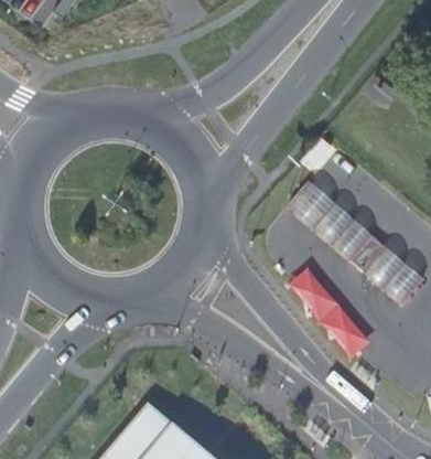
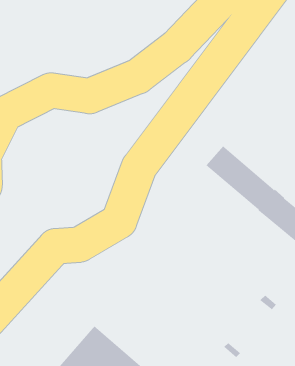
building: [293,264,370,359] -> none

